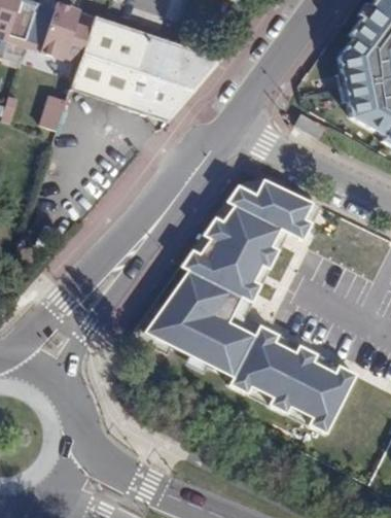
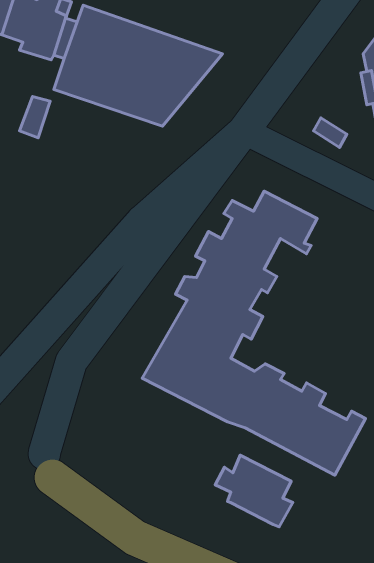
building: none -> [215,455,293,527]

